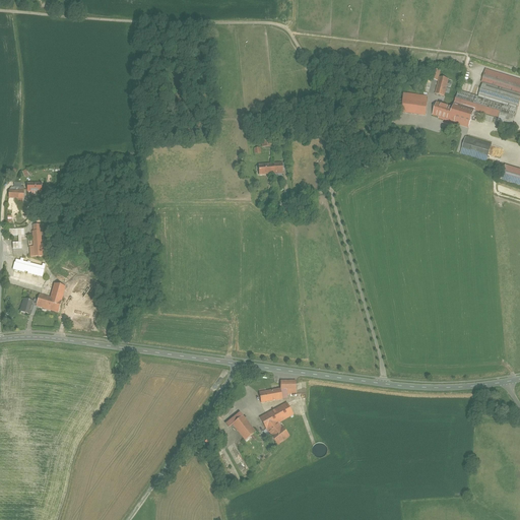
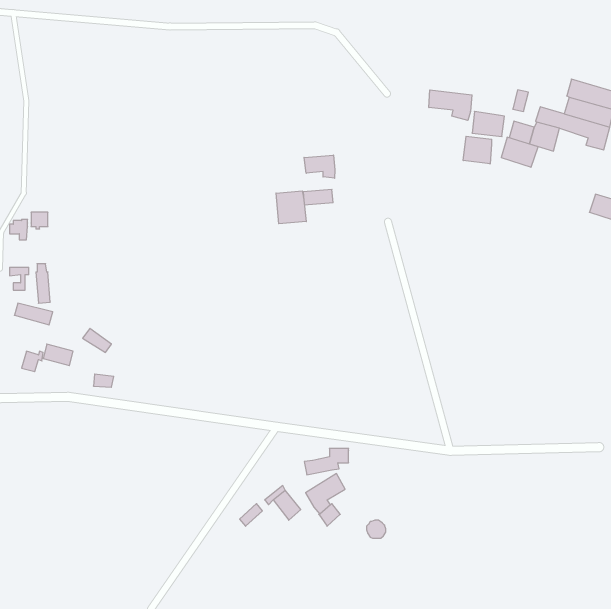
building: none -> [429,90,472,120]
building: none -> [463,136,492,164]
building: none -> [304,155,335,178]
building: [462,134,494,159] -> [501,137,538,167]
building: none -> [276,191,306,224]

